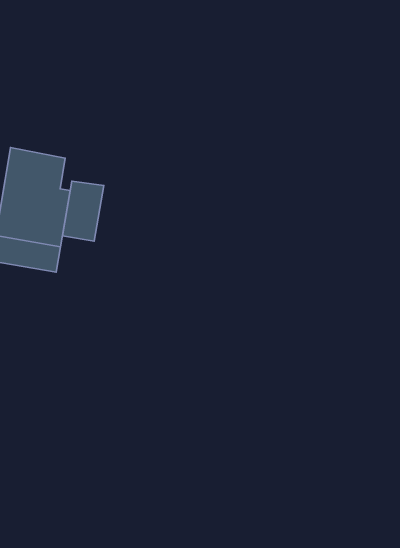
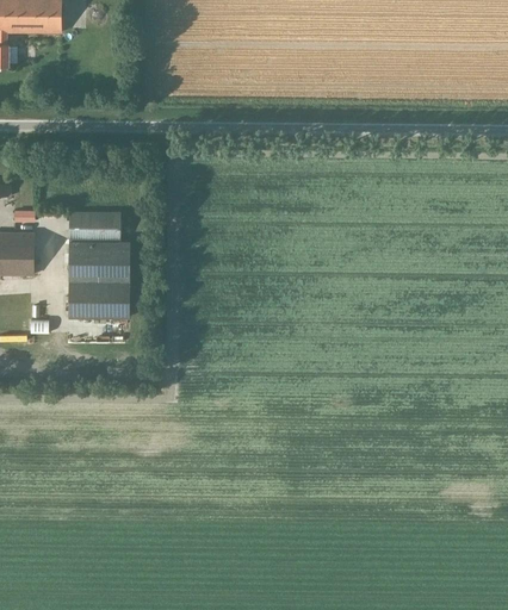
building: [63,181,104,241] -> none

